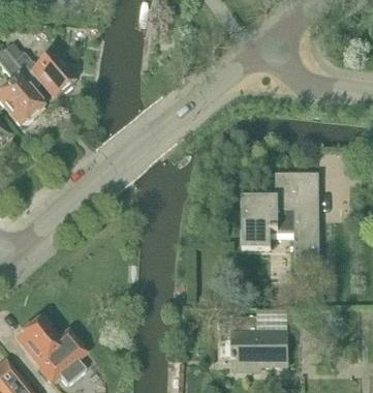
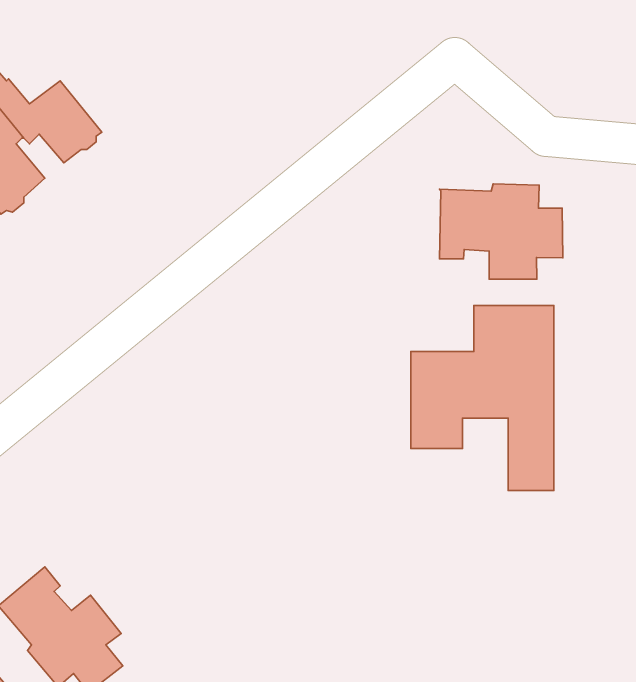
building: none -> [440,184,563,279]
building: [220,316,287,370] -> none

